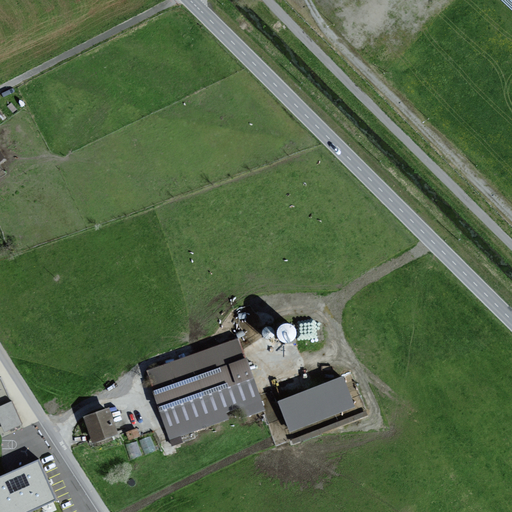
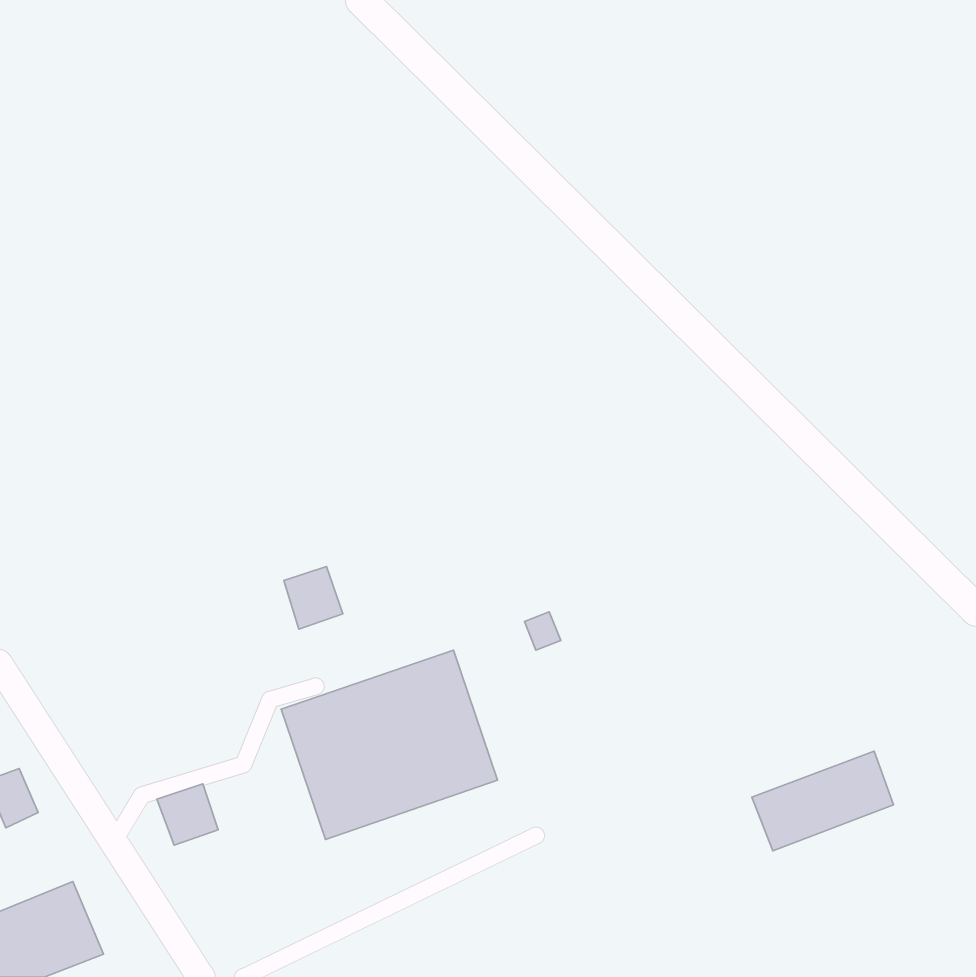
building: none -> [284,567,343,629]
building: [277,379,351,431] -> [752,751,893,851]

